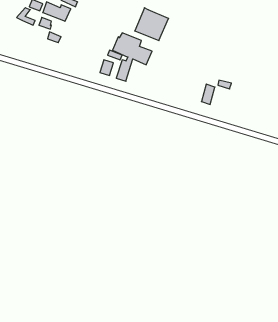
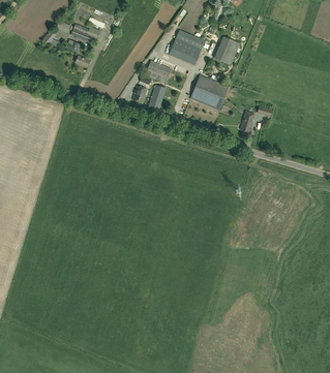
building: none -> [213,36,240,65]
building: none -> [190,75,229,111]

